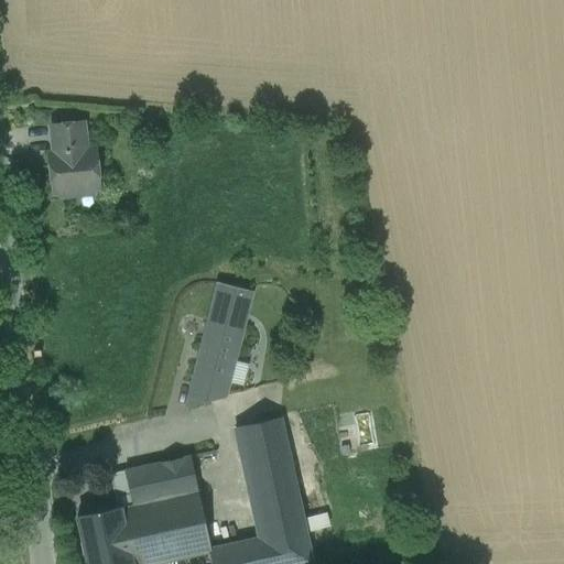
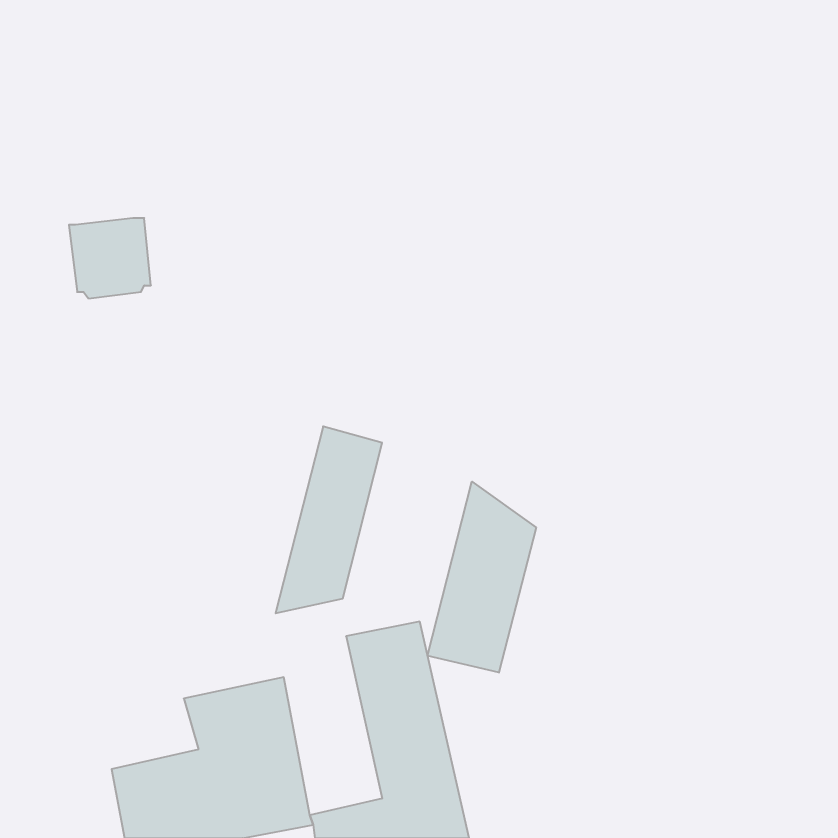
building: [48,120,89,151] -> none
building: none -> [428,482,536,673]

